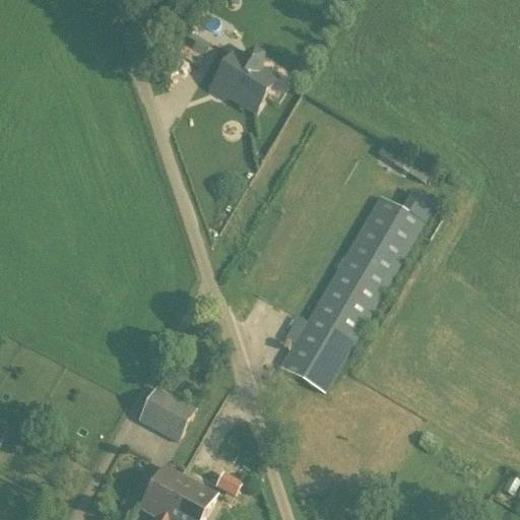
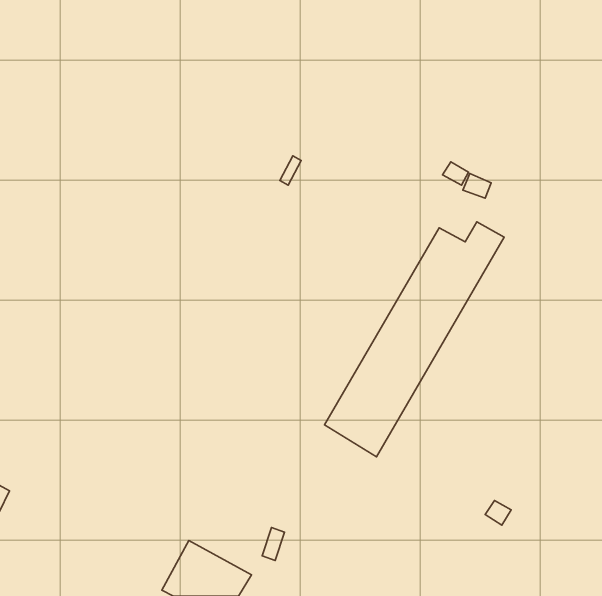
building: [207,47,272,112] -> none
building: [137,386,196,442] -> none

